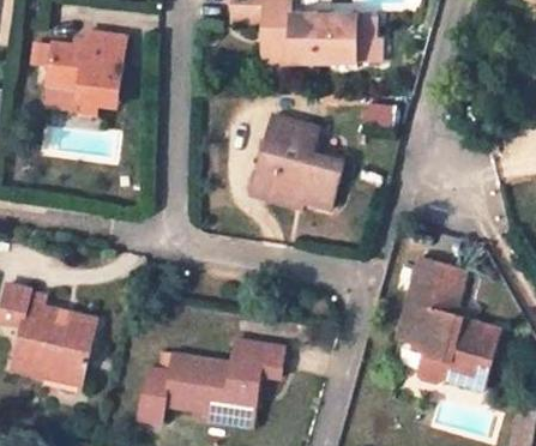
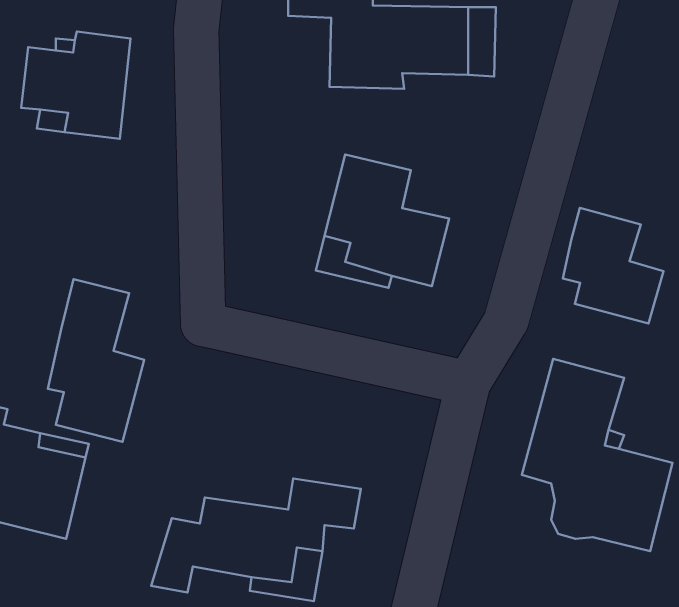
building: none -> [563,208,664,324]
building: none -> [48,279,144,442]

